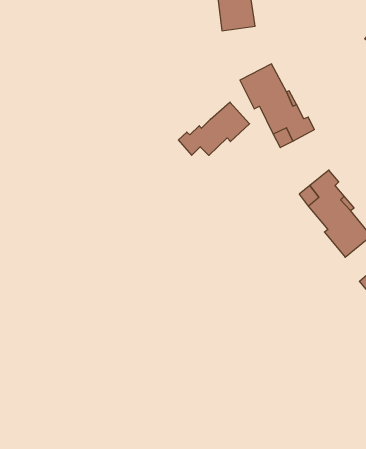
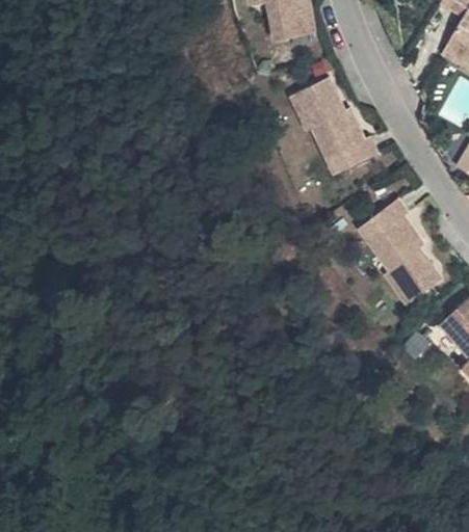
building: [178,102,250,155] -> none

